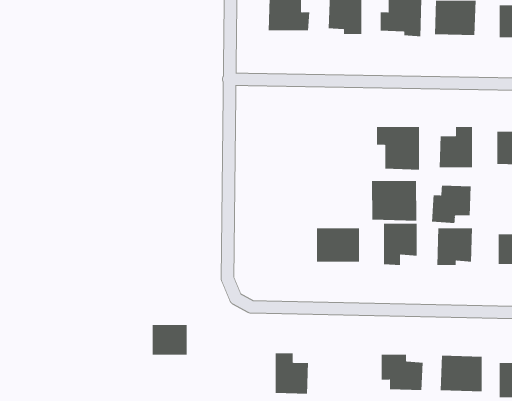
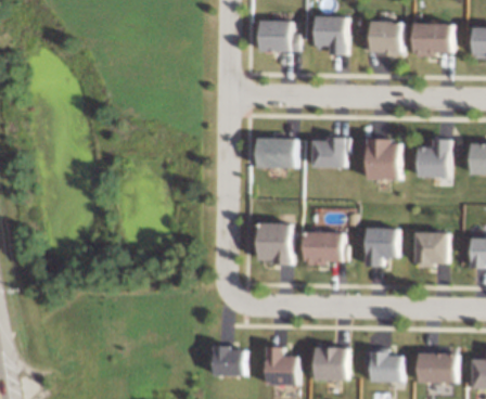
building: none -> [311,137,345,167]
building: none -> [256,138,295,167]
building: [372,180,417,222] -> none
building: [432,185,471,224] -> none
building: none -> [257,223,291,265]
building: [152,325,187,355] -> [212,347,244,375]
building: none -> [315,346,347,379]

